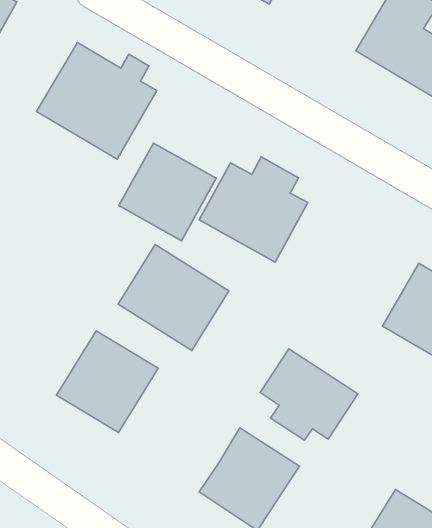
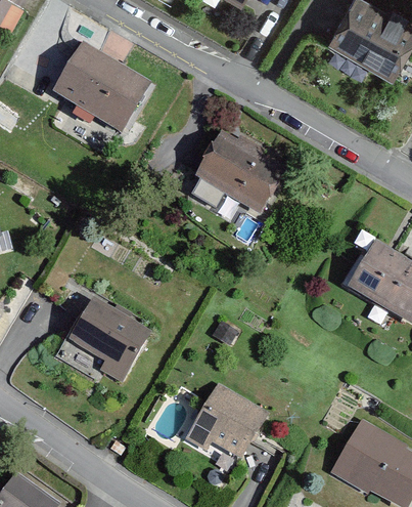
building: [119,143,216,241] -> none
building: [118,244,229,351] -> none
building: [260,349,358,440] -> none

